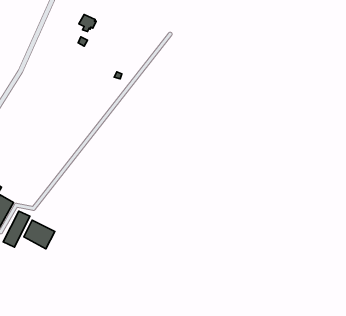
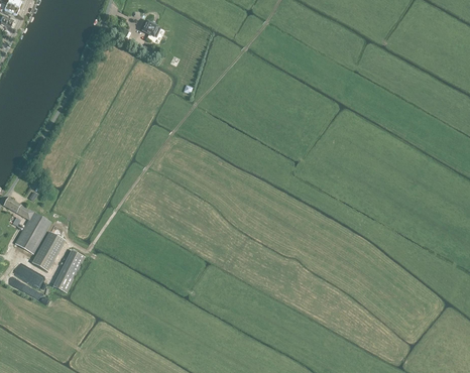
building: [24,220,55,249] -> none

